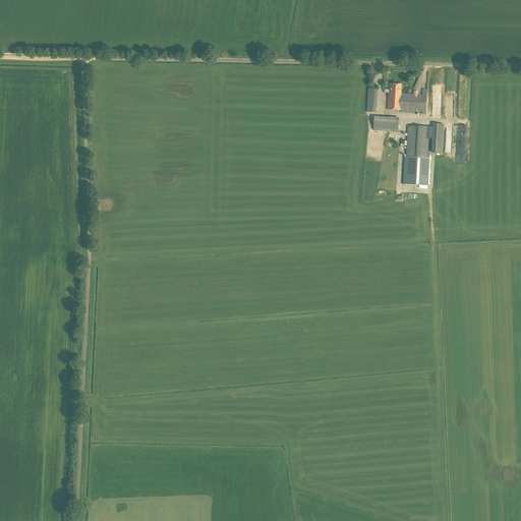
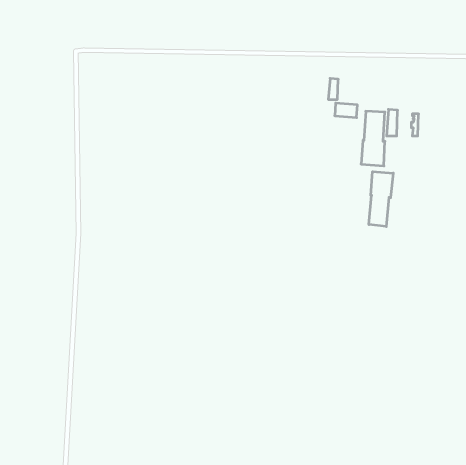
building: [388,82,427,113] -> none
building: none -> [369,172,393,227]

